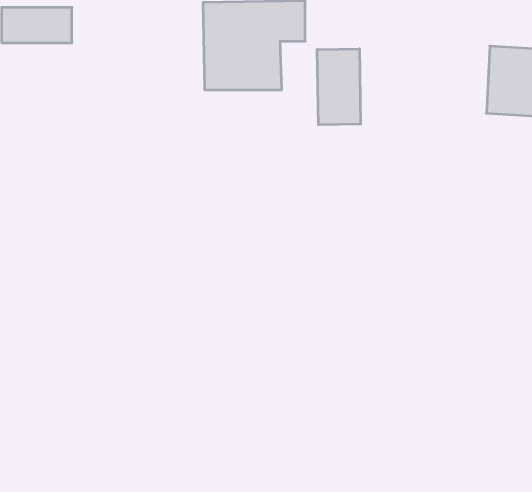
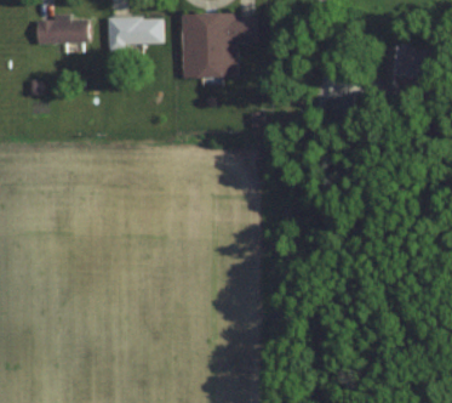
building: none -> [108,17,161,47]
building: [317,49,361,125] -> none

